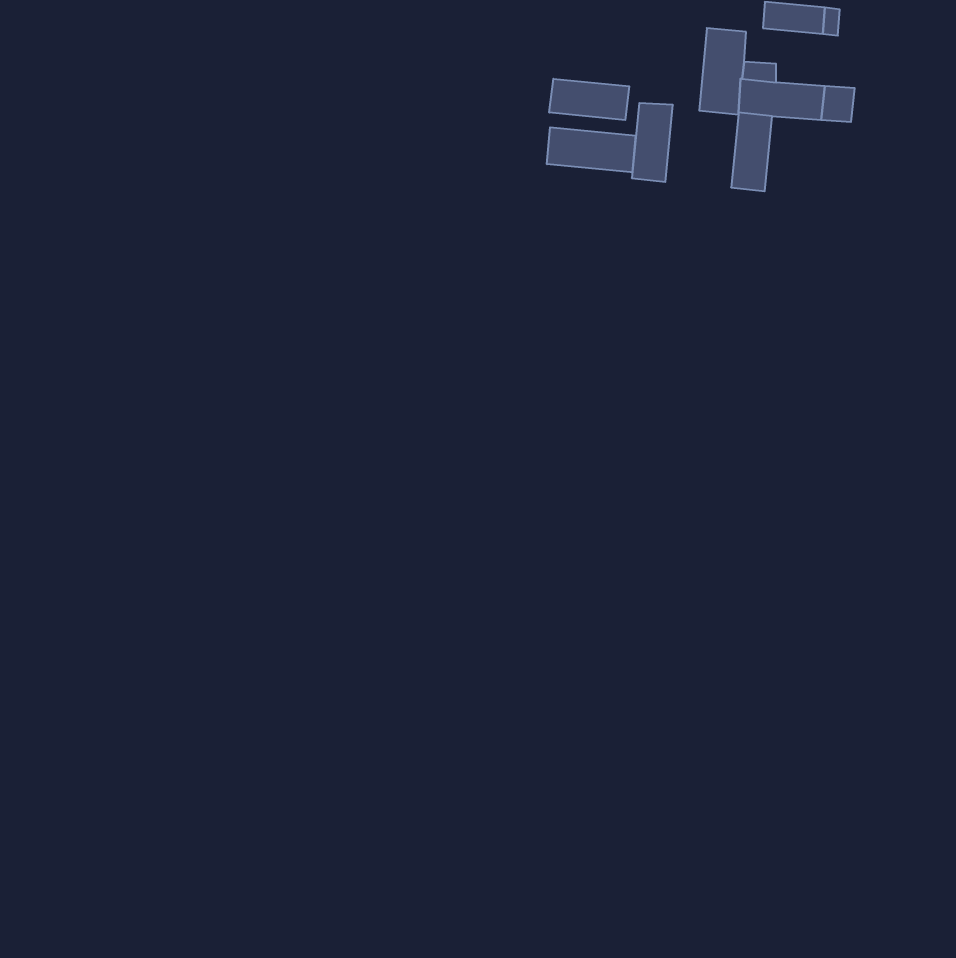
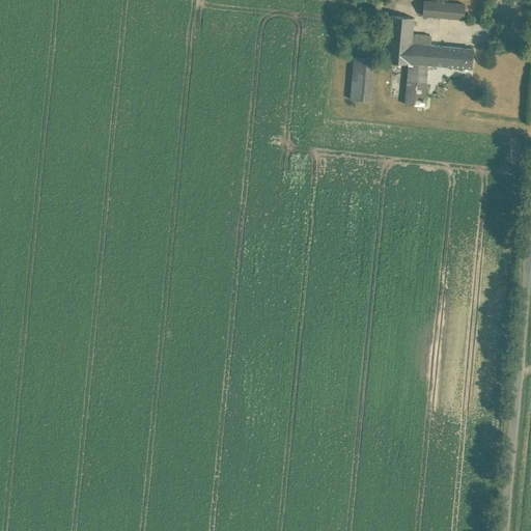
building: [549,79,629,120] -> none
building: [547,127,635,173] -> none

